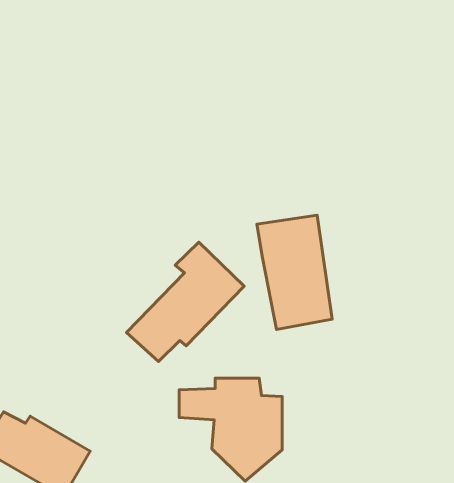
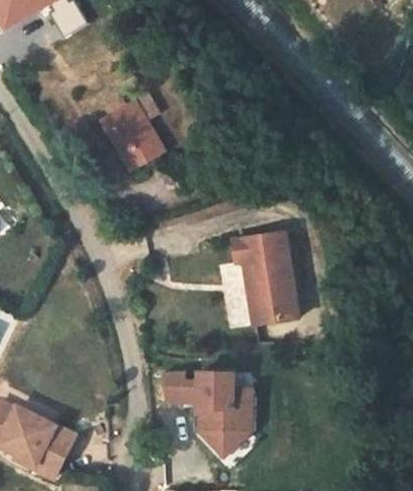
building: none -> [110,91,176,165]
building: [126,242,244,361] -> none

